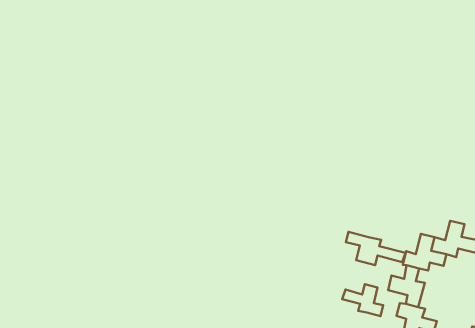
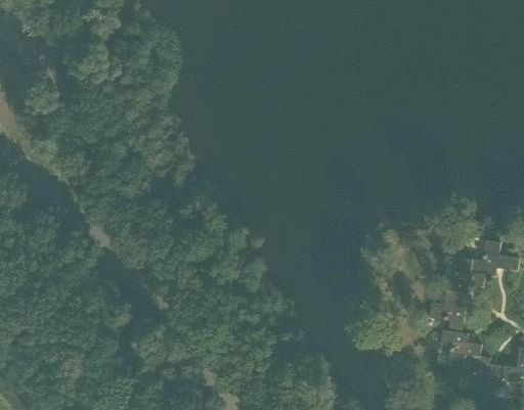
building: [346,232,406,265] -> none
building: [342,284,383,316] -> none

